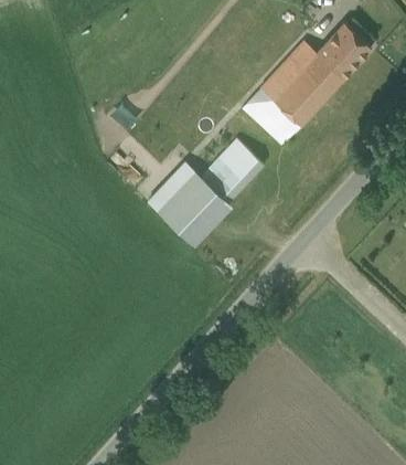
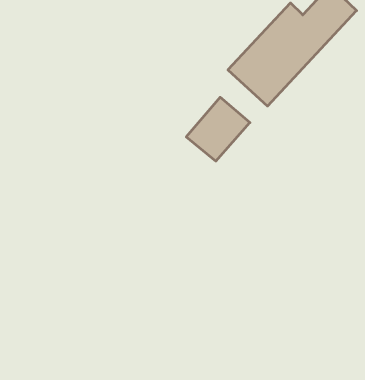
building: [146,161,229,245] -> none

